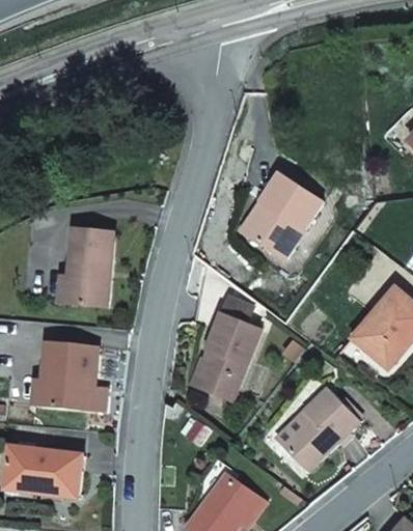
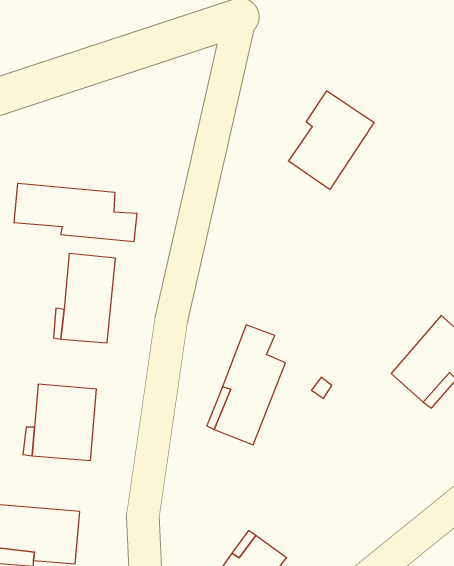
building: none -> [14,183,137,242]
building: [246,170,321,256] -> [288,91,374,189]
building: [282,386,359,469] -> none

